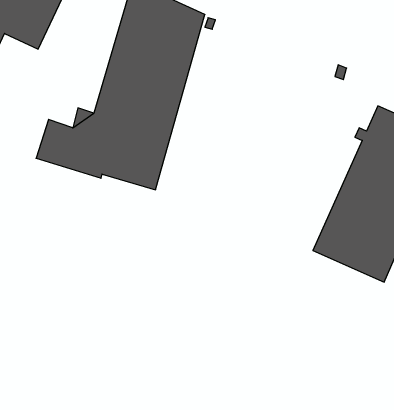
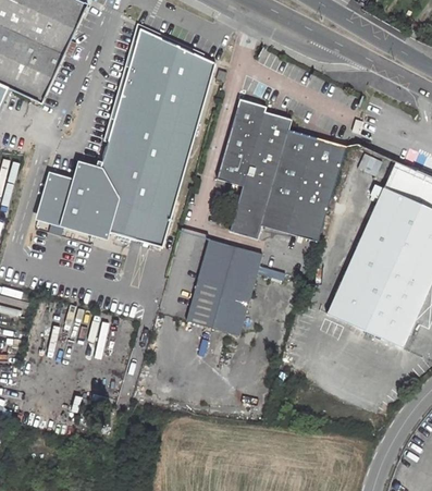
building: none -> [215,99,343,242]
building: none -> [185,240,261,335]

